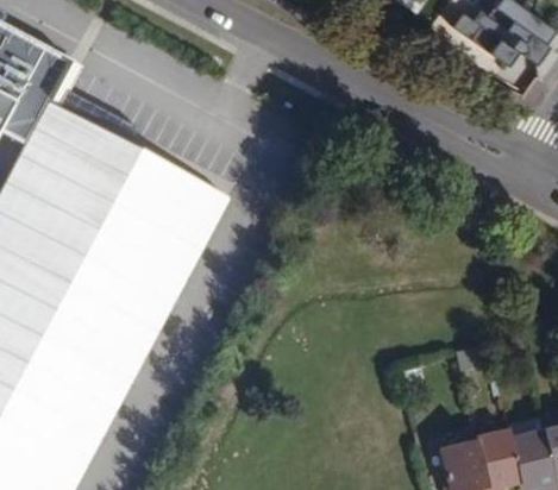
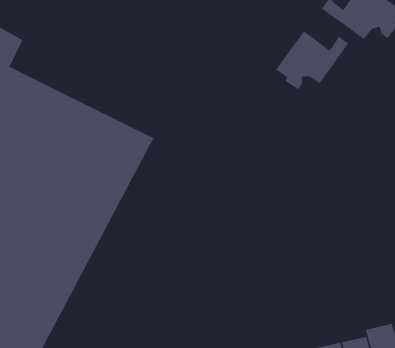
building: none -> [275,30,349,90]

